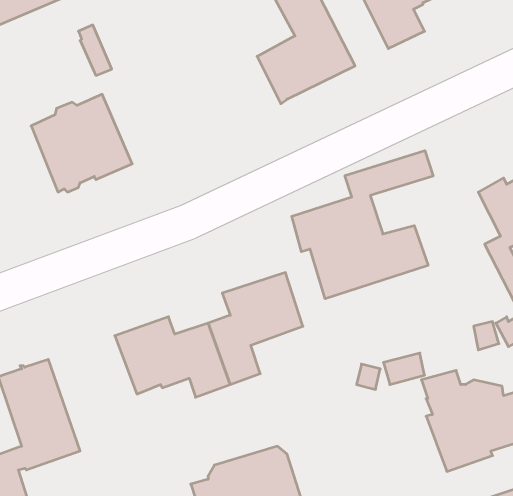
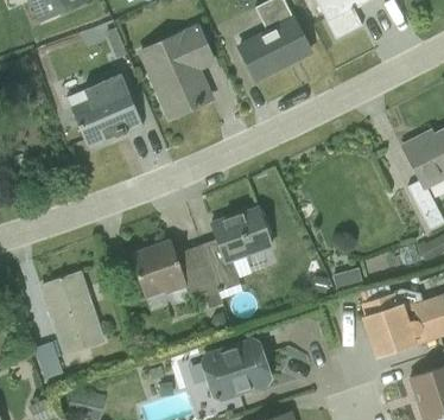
building: none -> [141,24,217,116]
building: [292,151,433,299] -> none

